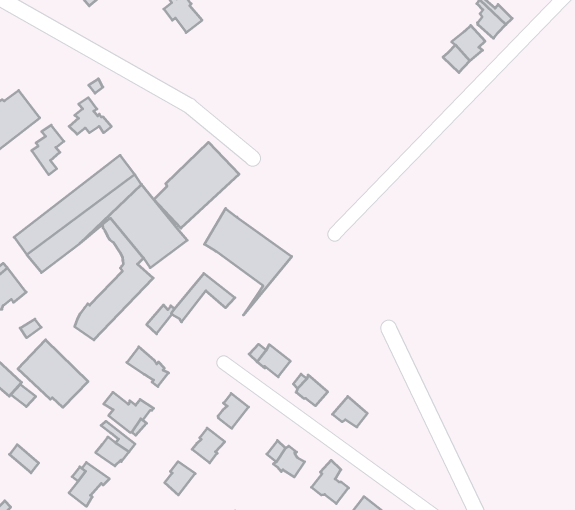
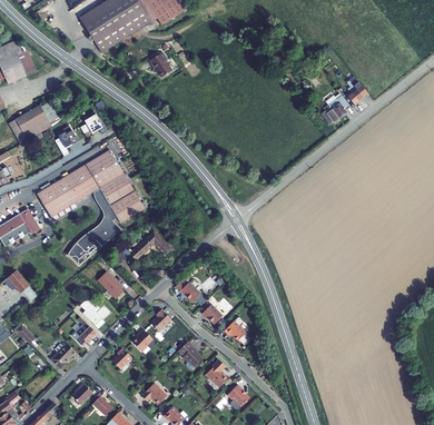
building: [154,142,239,228] -> none
building: [204,208,292,315] -> none
building: [18,340,88,407] -> none

